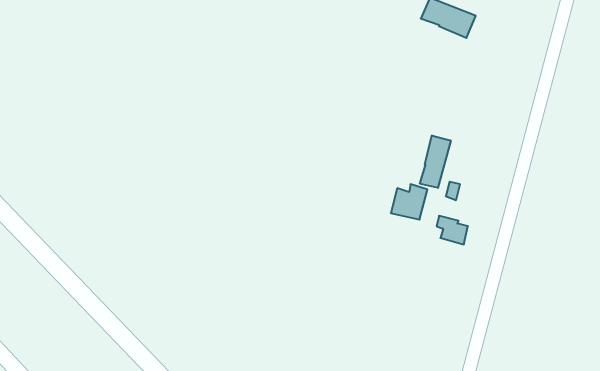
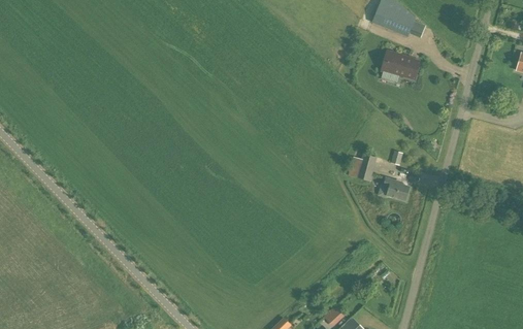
building: none -> [381,51,419,78]
building: [420,135,451,188] -> none

